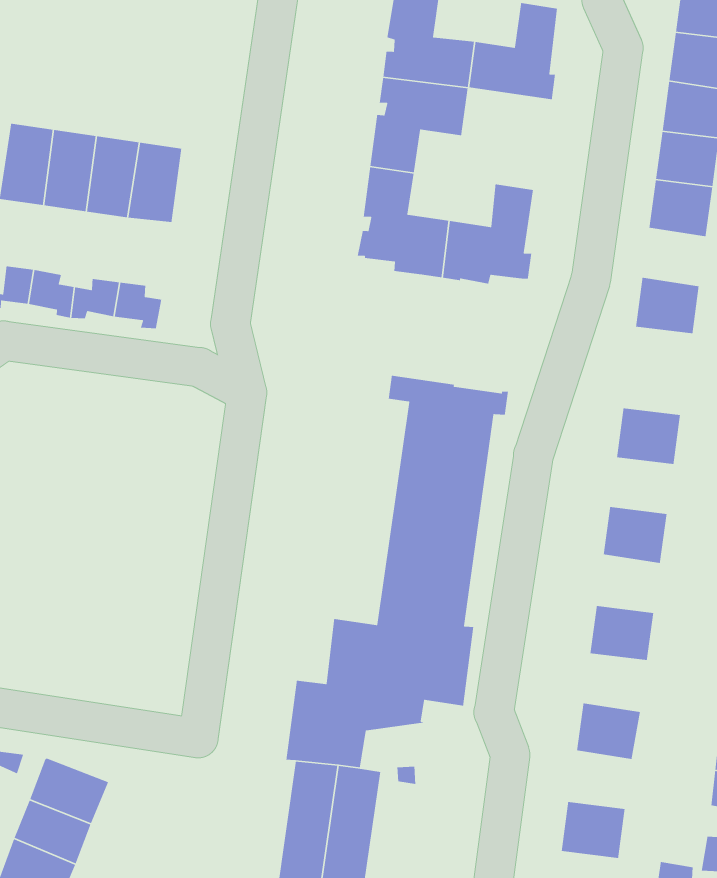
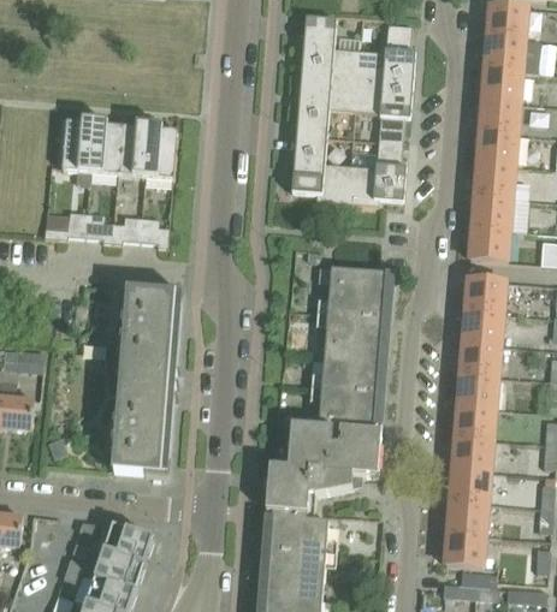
building: none -> [354,79,410,142]
building: none -> [474,162,514,197]
building: none -> [469,226,509,261]
building: none -> [112,290,179,475]
building: none -> [462,310,502,344]
building: none -> [457,373,497,408]
building: none -> [452,436,492,471]
building: none -> [446,499,486,534]

